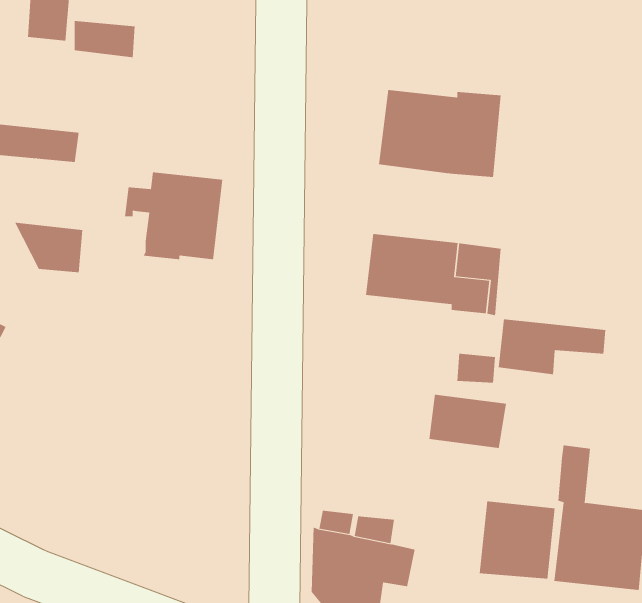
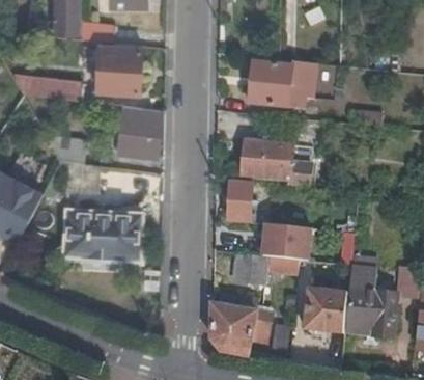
building: none -> [95,46,140,92]
building: none -> [227,182,257,222]
building: [498,319,606,375] -> [236,253,296,284]
building: none -> [65,209,141,260]

